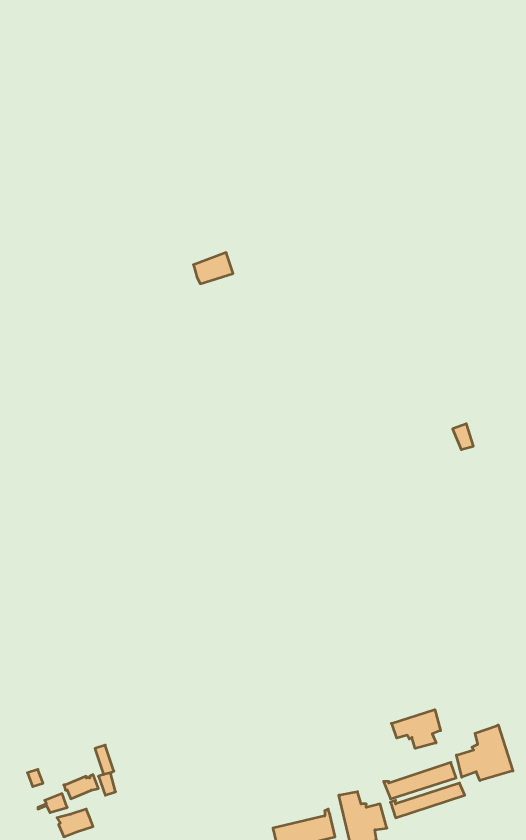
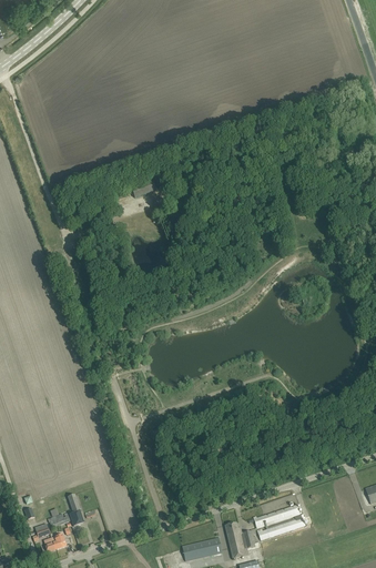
building: [391,710,441,748] -> none
building: [456,725,513,781] -> none

